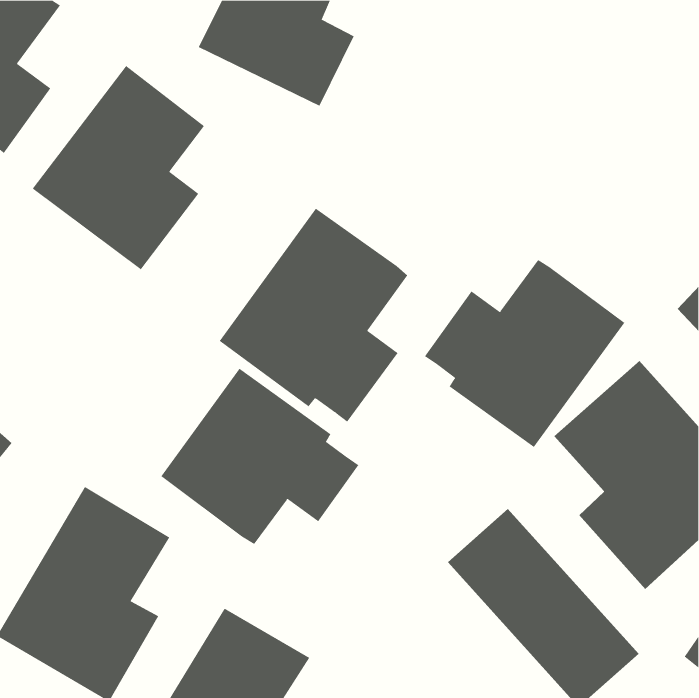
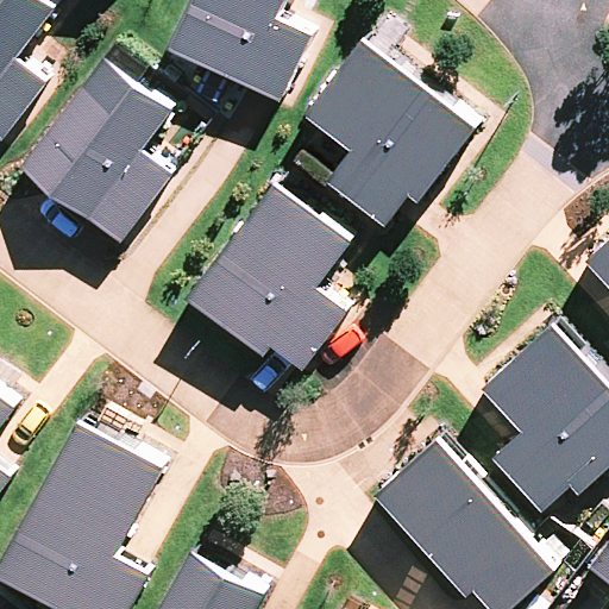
building: none -> [301,42,479,228]
building: [424,259,625,448] -> none
building: [160,368,359,545] -> none

